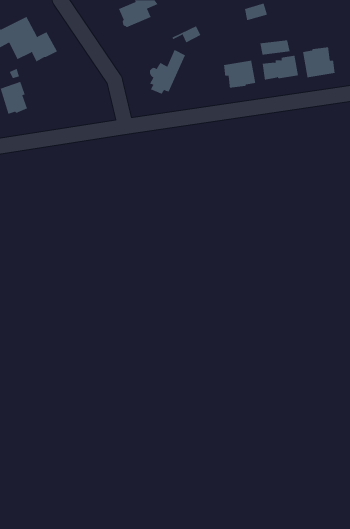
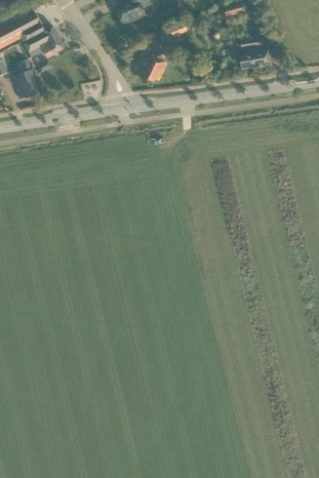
building: [302,46,335,78] -> none
building: [223,60,256,88] -> none

